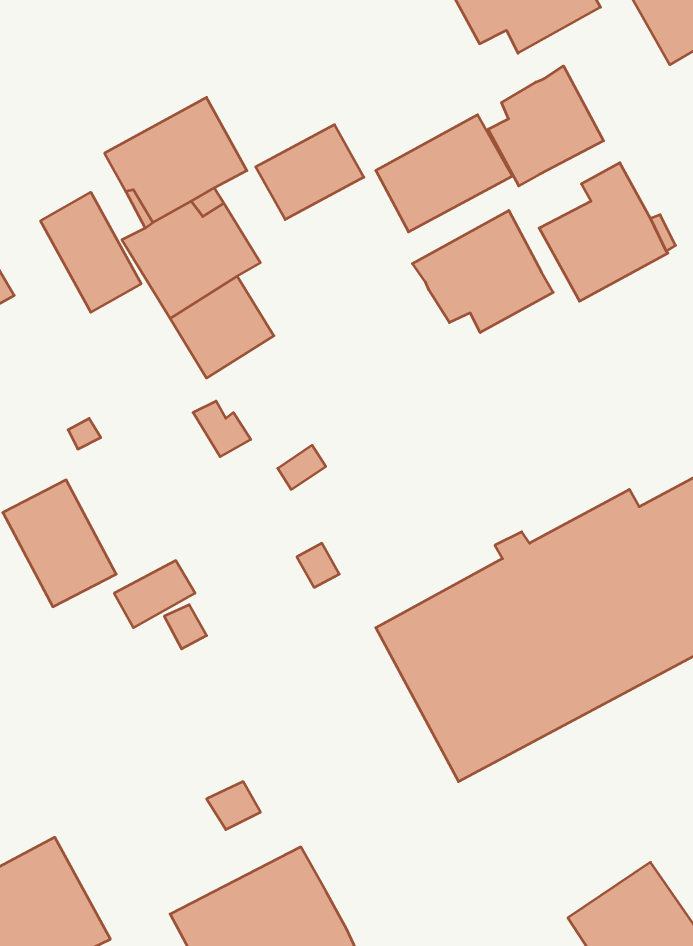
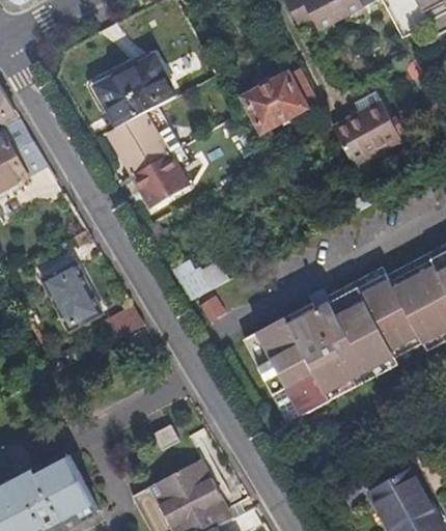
building: [488,66,604,186] -> none
building: [256,125,364,220] -> none
building: [41,192,141,312] -> none
building: [412,210,553,333] -> none
building: none -> [172,259,229,299]

